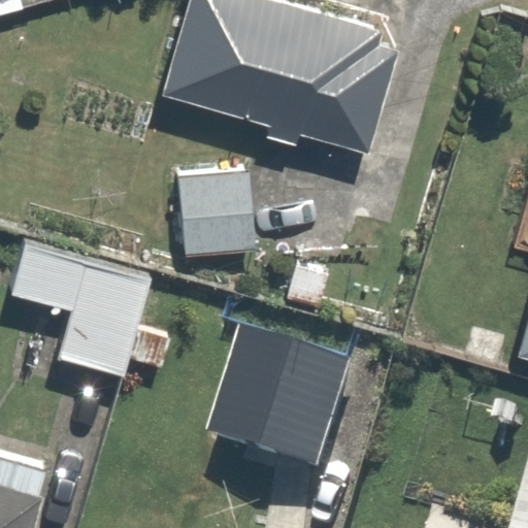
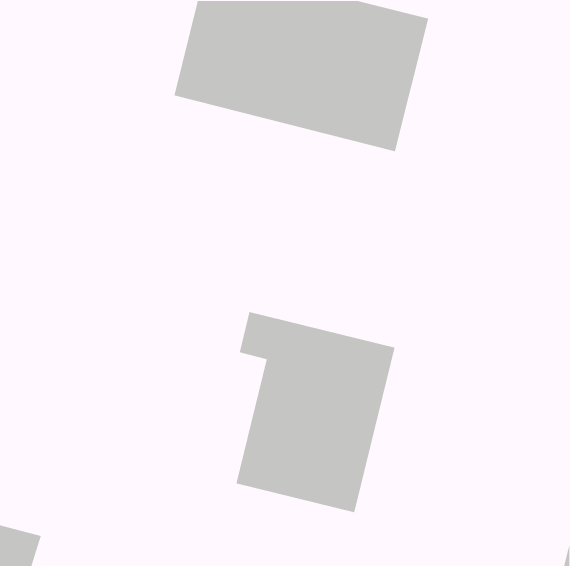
building: [170,167,260,257] -> none
building: [9,239,156,385] -> none

